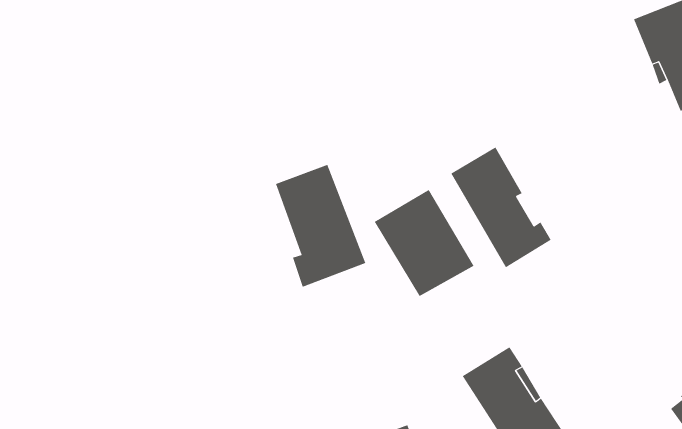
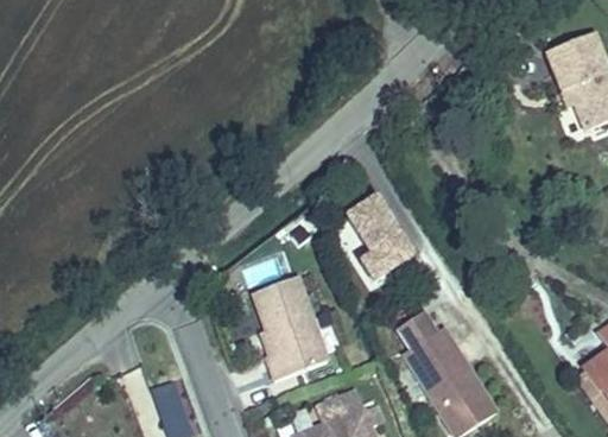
building: [451,146,551,268] -> none
building: [275,164,366,287] -> [252,278,328,381]

